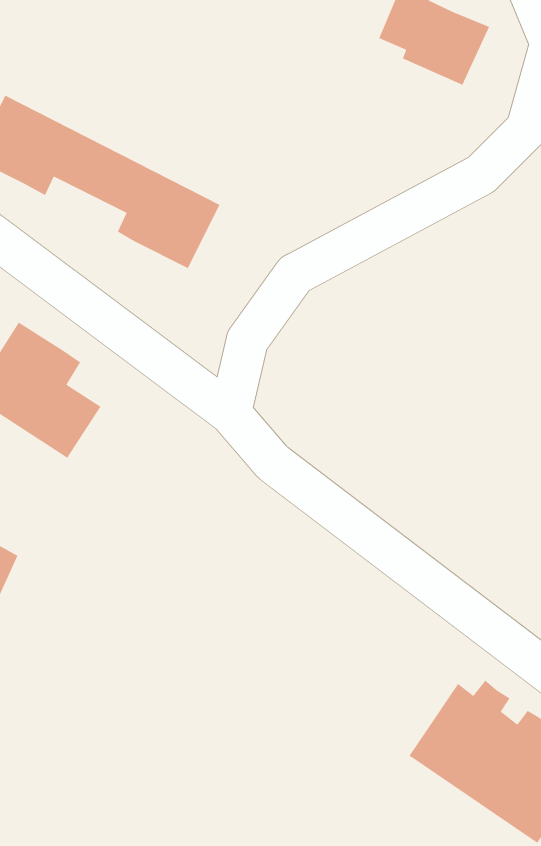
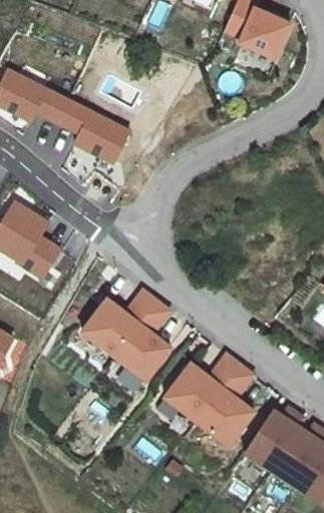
building: none -> [80,291,169,380]
building: none -> [168,360,256,449]

